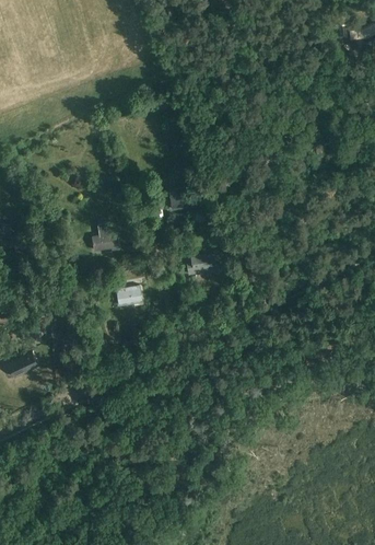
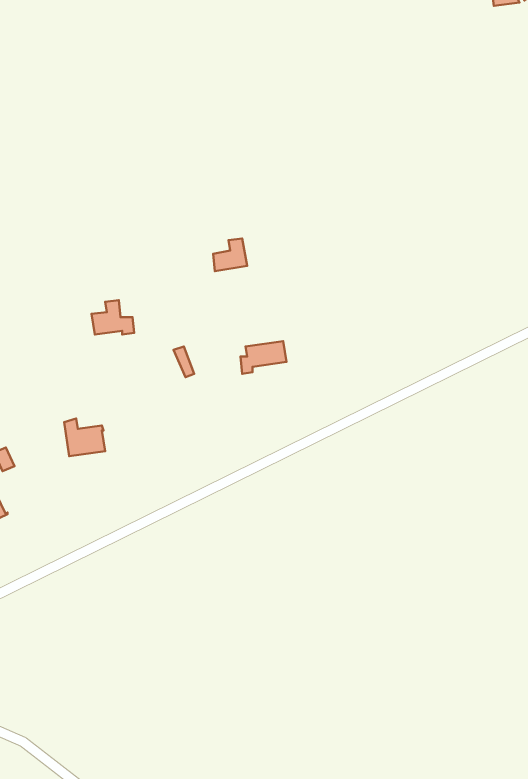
building: [116,282,142,306] -> [64,419,105,456]

